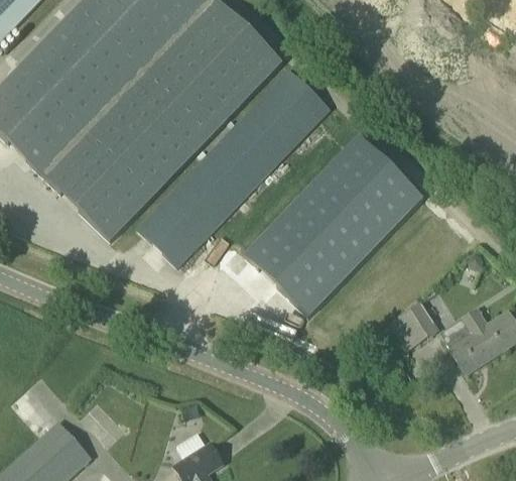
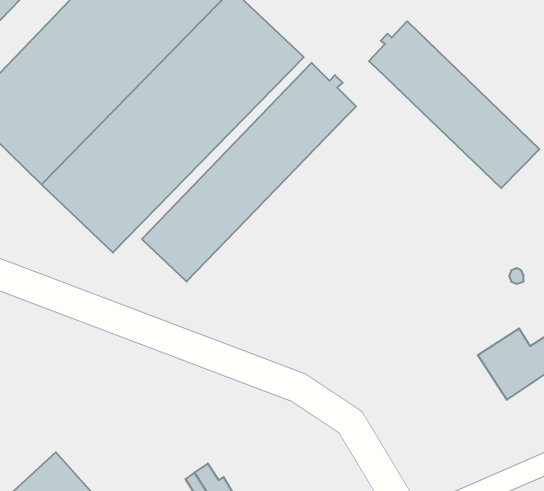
building: none -> [369,21,539,188]
building: [245,135,423,316] -> none
building: [390,300,438,348] -> none

